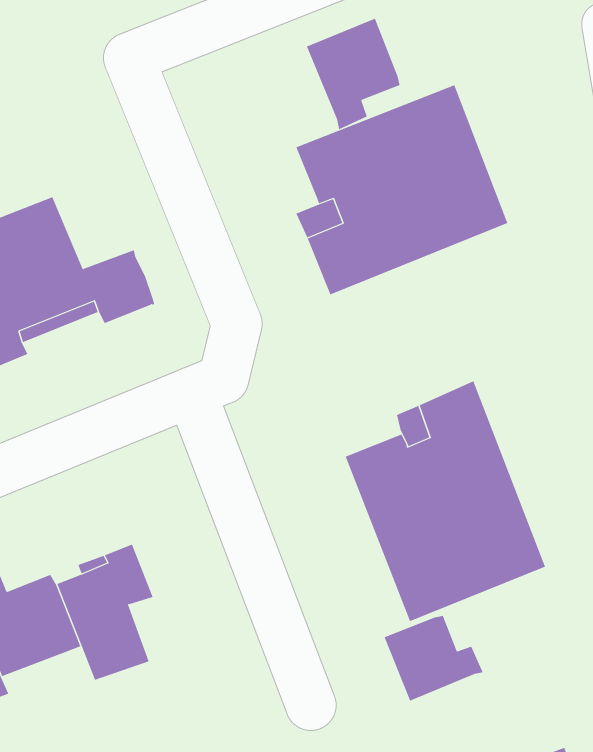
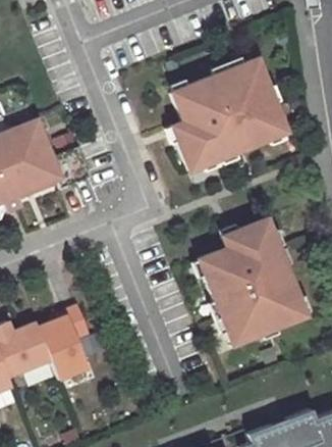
building: [306,18,400,130] -> none
building: [384,615,484,701] -> none

